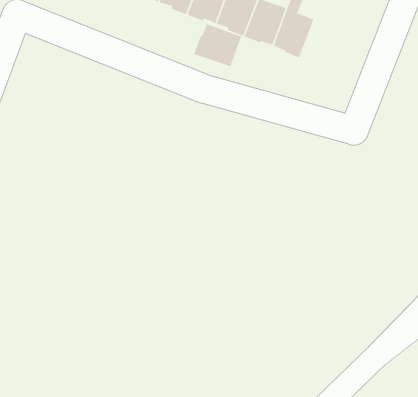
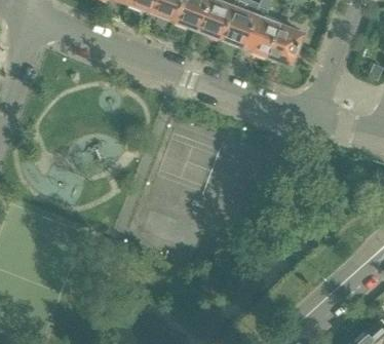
building: none -> [266,25,303,64]
building: [193,23,242,67] -> none

